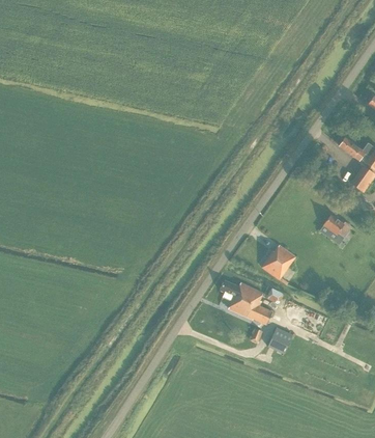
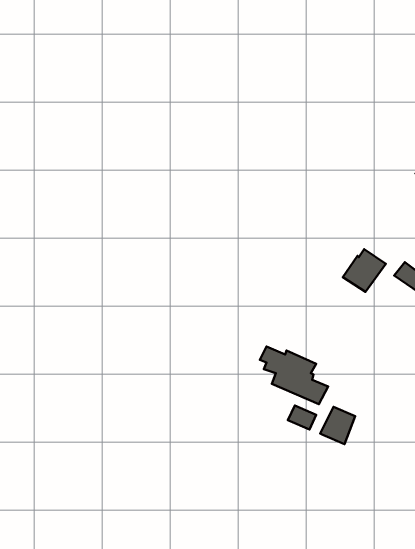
building: [261,245,294,278] -> [343,249,386,292]

